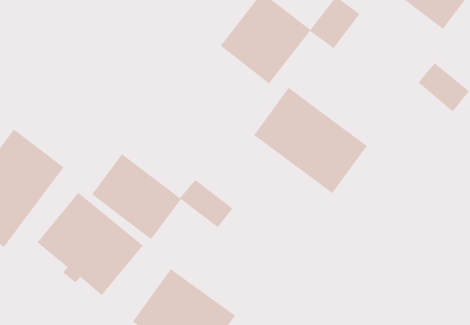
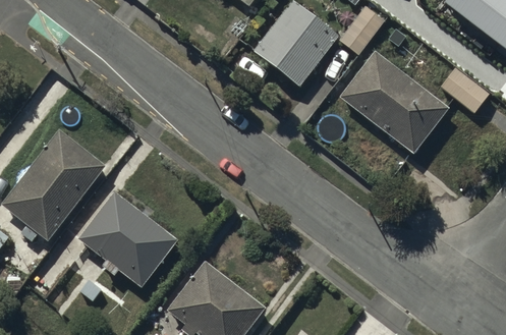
building: [253,87,368,194] -> [340,51,449,153]
building: [91,153,234,240] -> none

